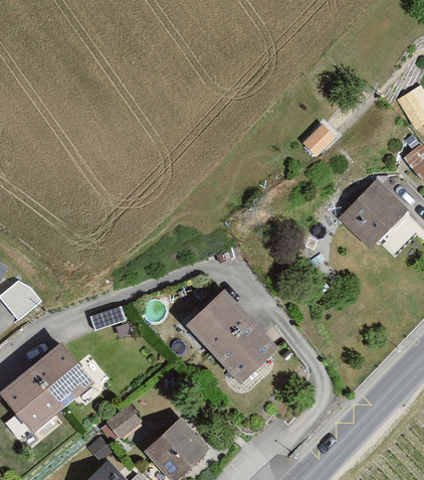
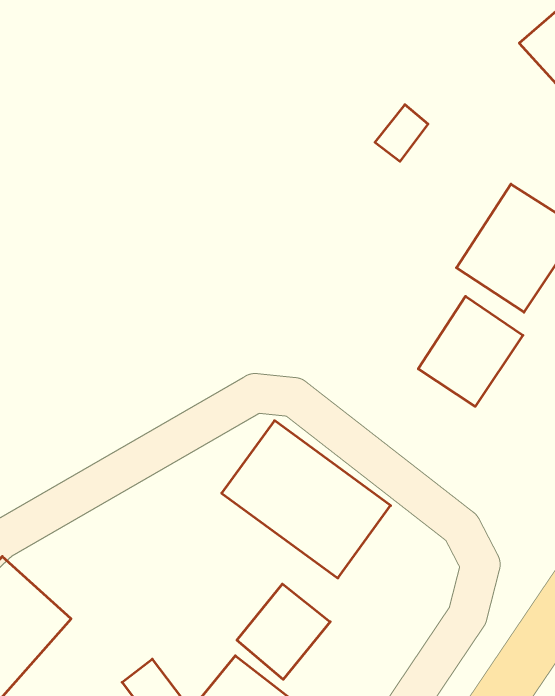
building: none -> [418,296,523,406]
building: none -> [237,584,330,679]

